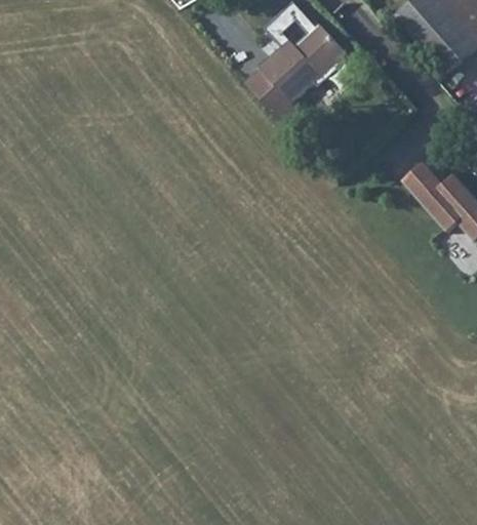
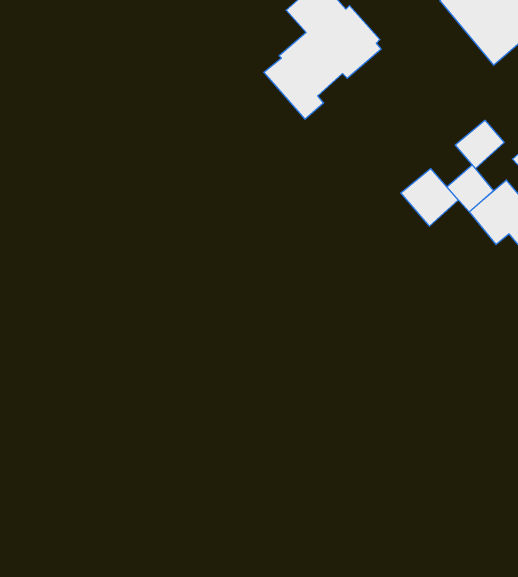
building: none -> [455,120,504,168]
building: none -> [401,169,458,226]

